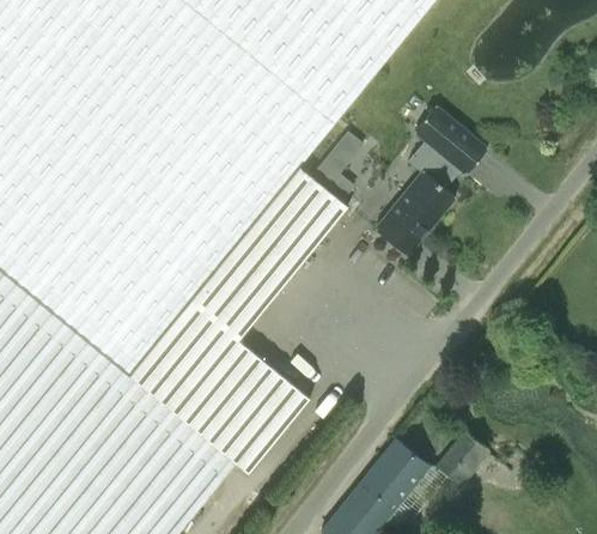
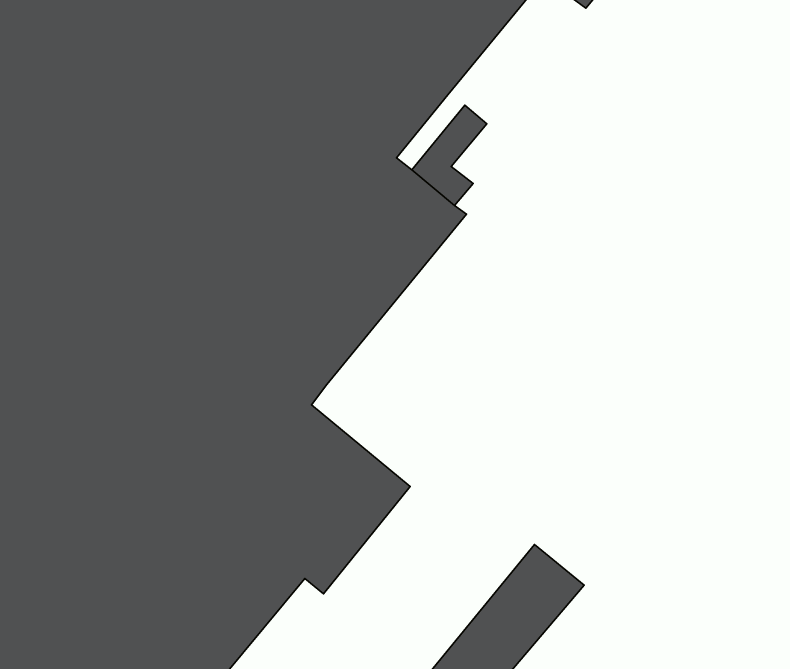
building: [374,107,486,256] -> none
building: [434,432,488,487] -> none

